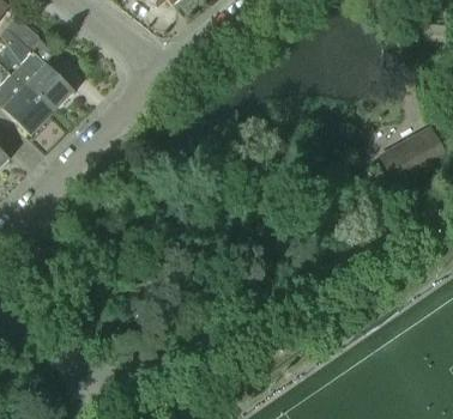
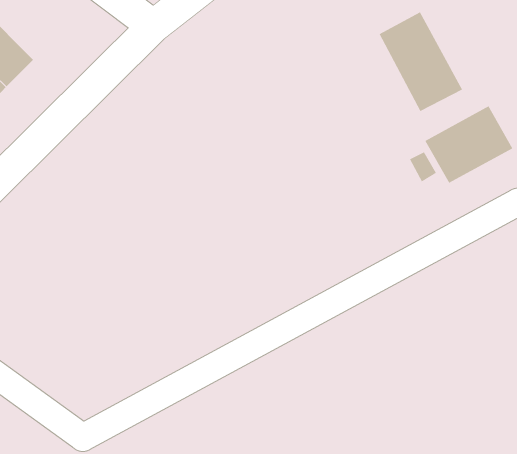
building: none -> [379,11,463,112]

